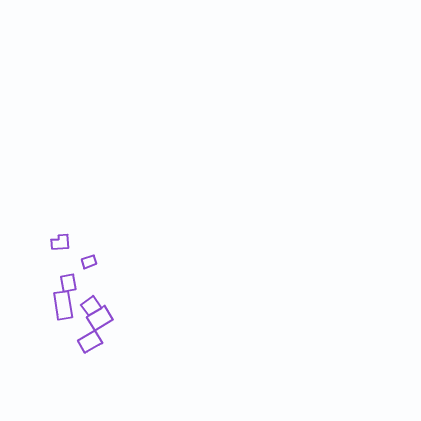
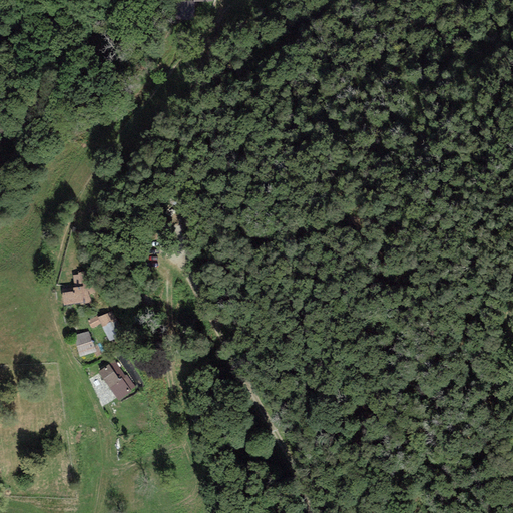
building: [54,291,72,320] -> none
building: [78,330,102,353] -> none

